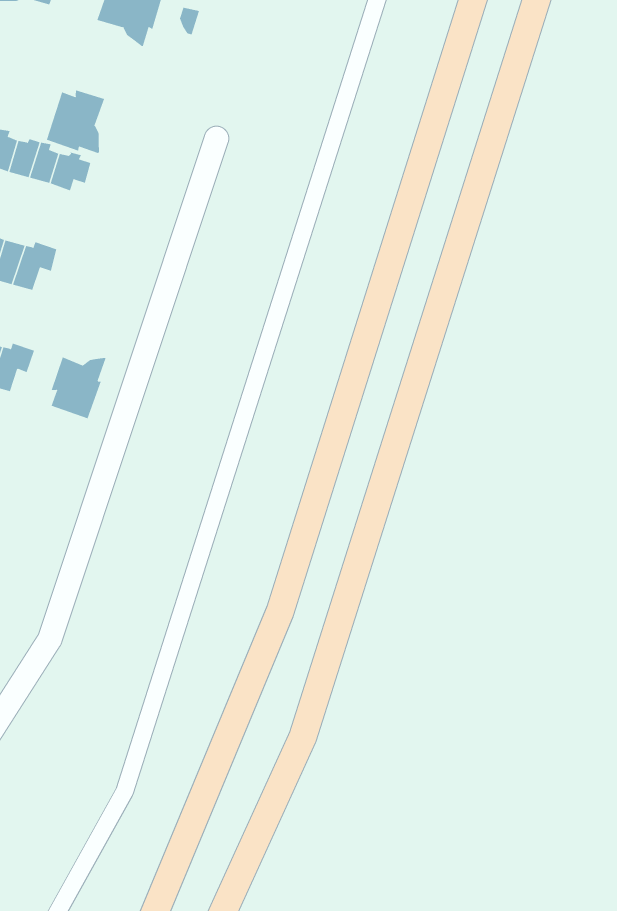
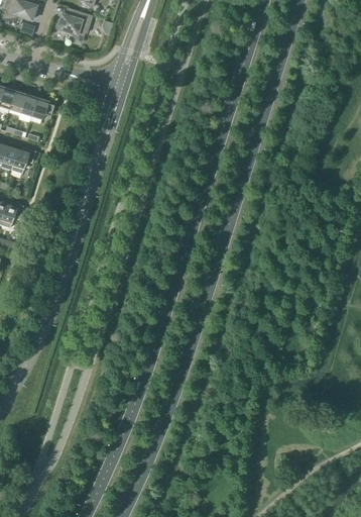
building: [46,89,105,154] -> none
building: [51,357,106,419] -> none

